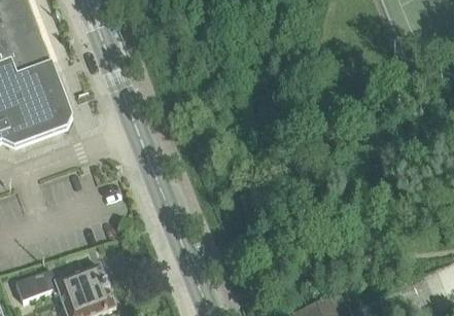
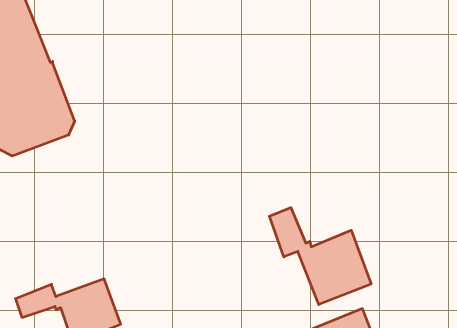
building: none -> [269,208,371,305]

